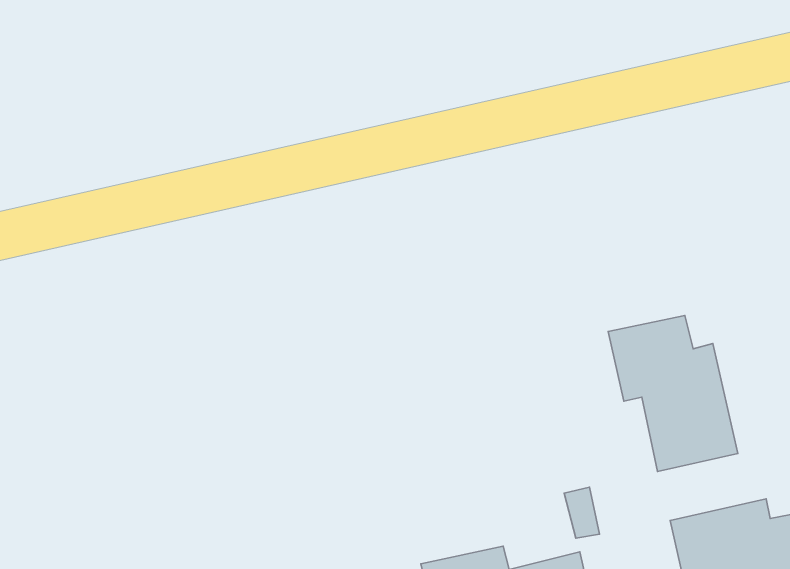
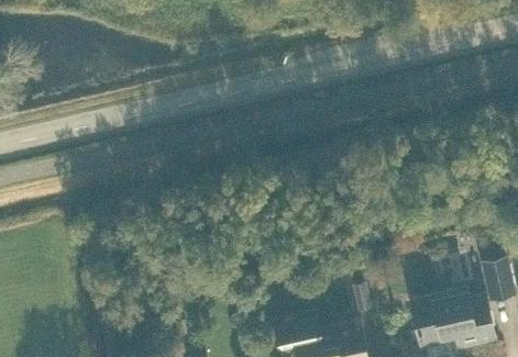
building: [608,315,738,471] -> none

